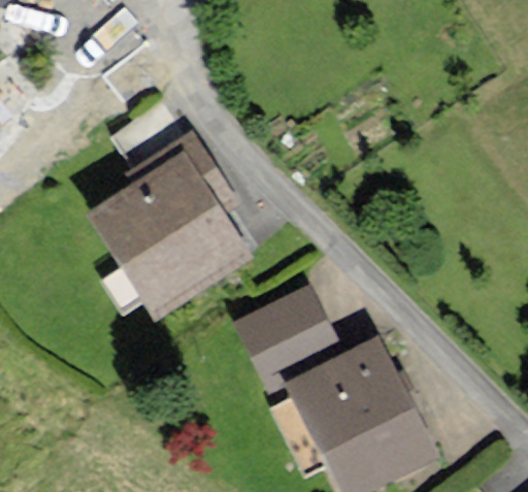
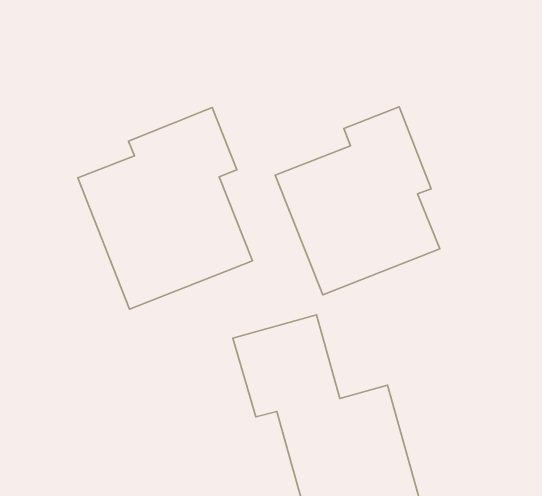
building: none -> [275,107,440,295]

